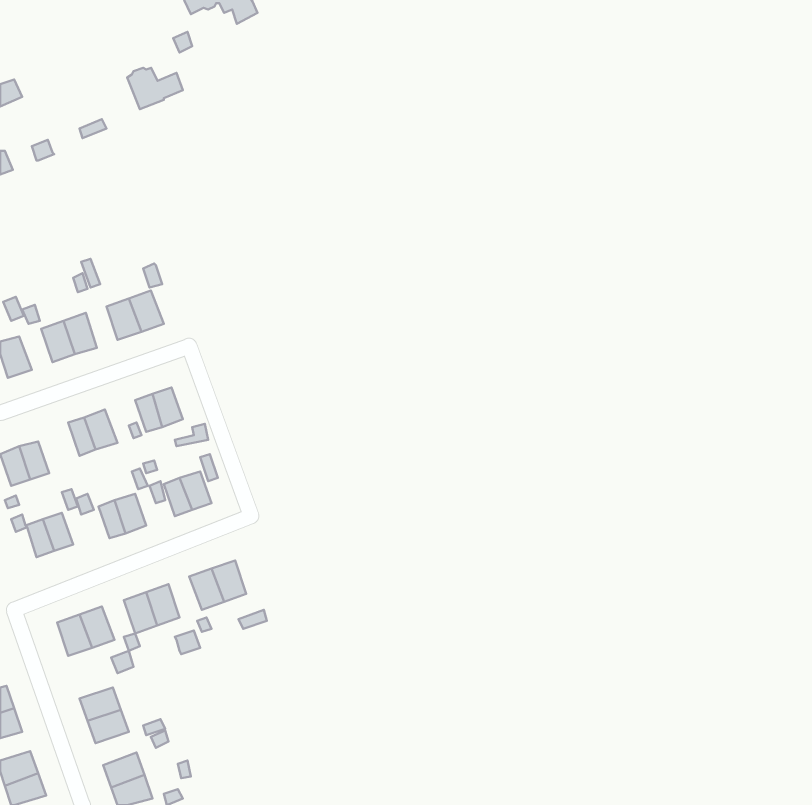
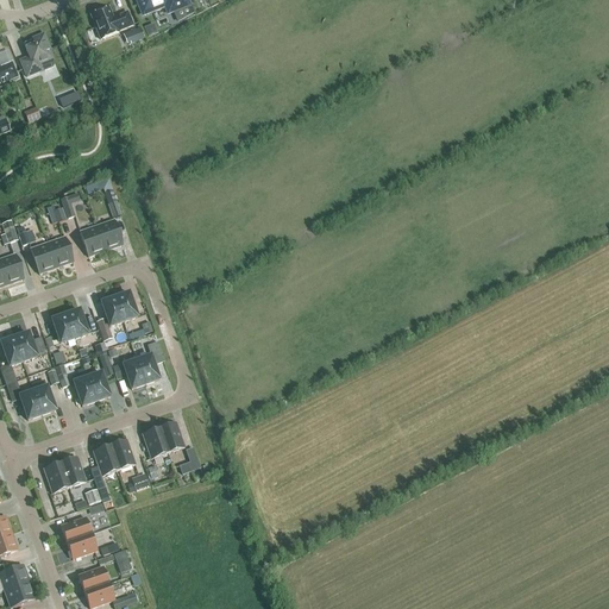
building: none -> [19,30,54,74]
building: [127,68,183,109] -> [90,5,132,36]

